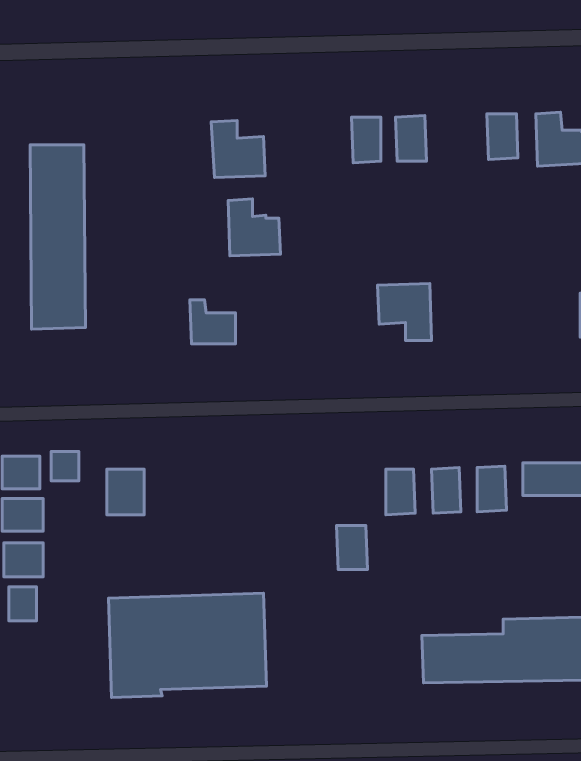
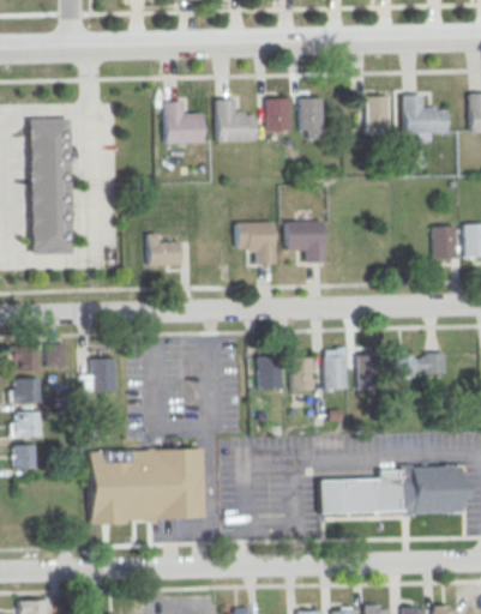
building: [228,199,280,256] -> [216,100,254,142]
building: none -> [236,222,275,264]
building: [337,525,368,570] -> [258,356,281,389]

